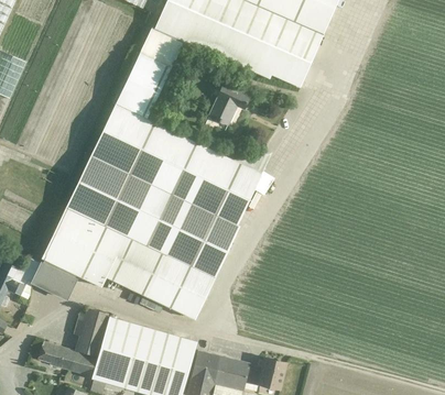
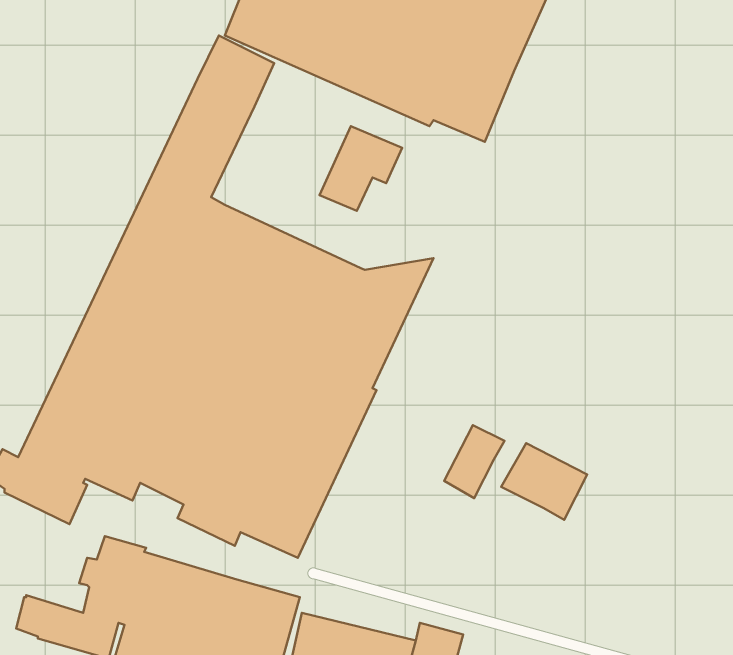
building: none -> [444,425,504,498]
building: none -> [501,443,587,520]

